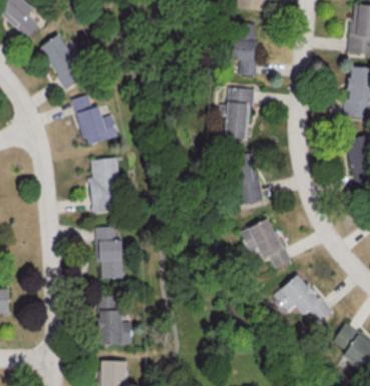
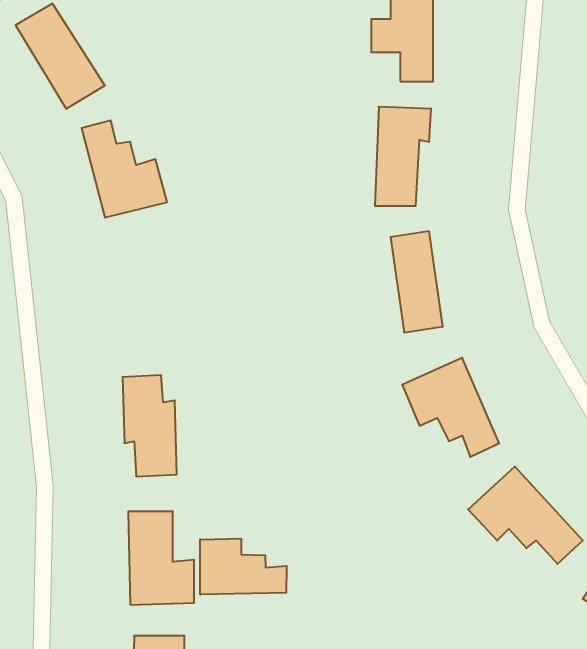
building: [88,158,119,212] -> none
building: none -> [200,539,287,595]

